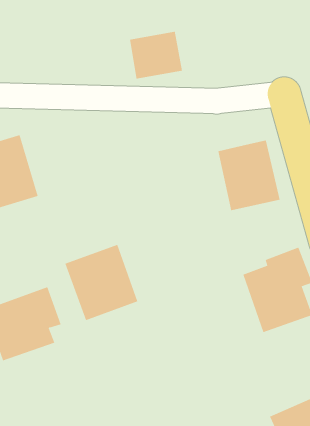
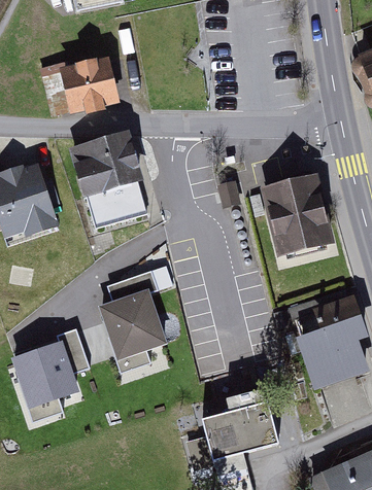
building: [129,31,183,79] -> [64,58,124,111]
building: none -> [64,135,153,230]
building: none -> [204,393,279,465]

